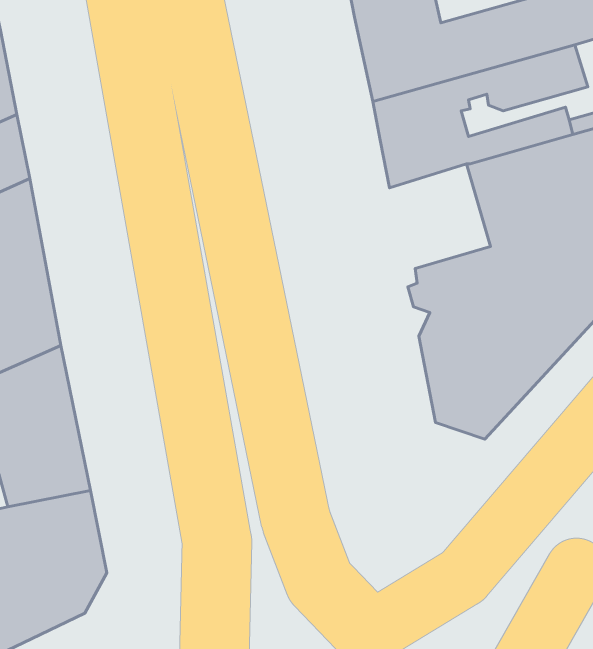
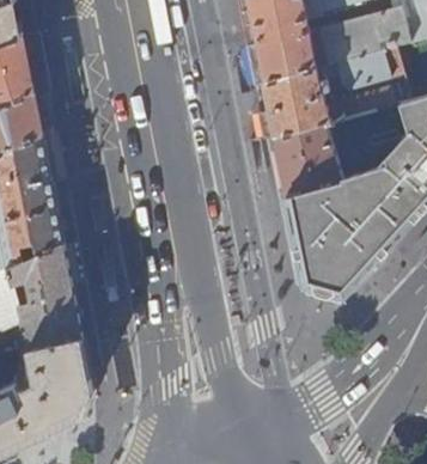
building: none -> [275,124,341,194]

